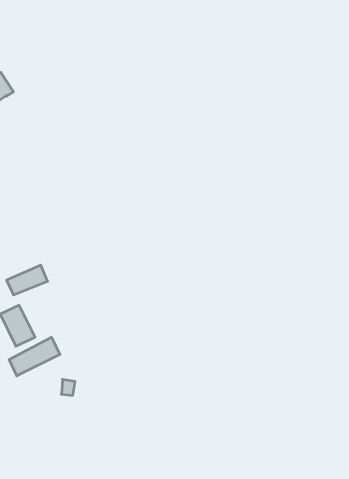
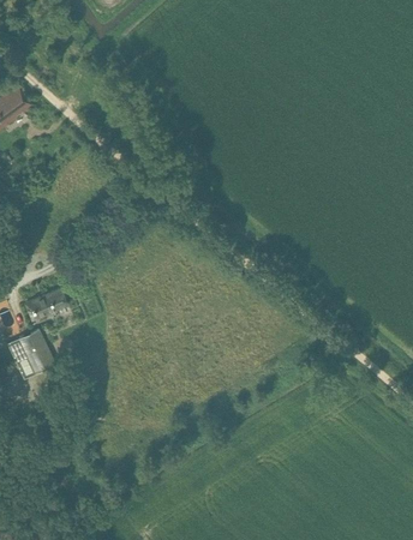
building: [9,337,60,376] -> none

